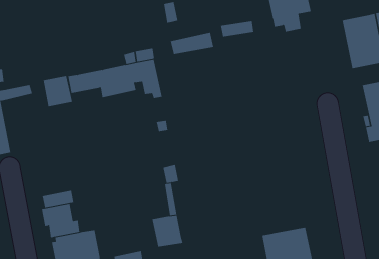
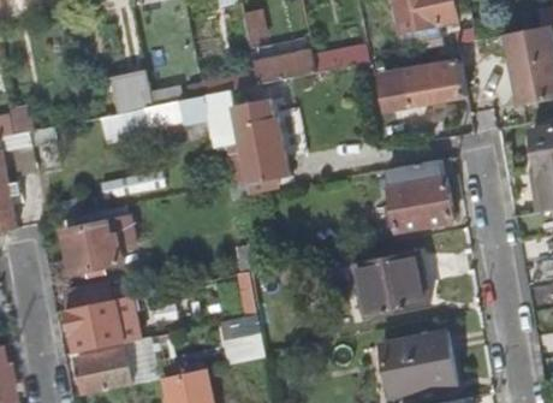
building: none -> [377,64,462,113]
building: none -> [234,100,290,185]
building: [43,75,73,107] -> [108,69,151,114]
building: none -> [381,162,448,236]
building: none -> [66,223,123,272]
building: none -> [357,256,428,316]

